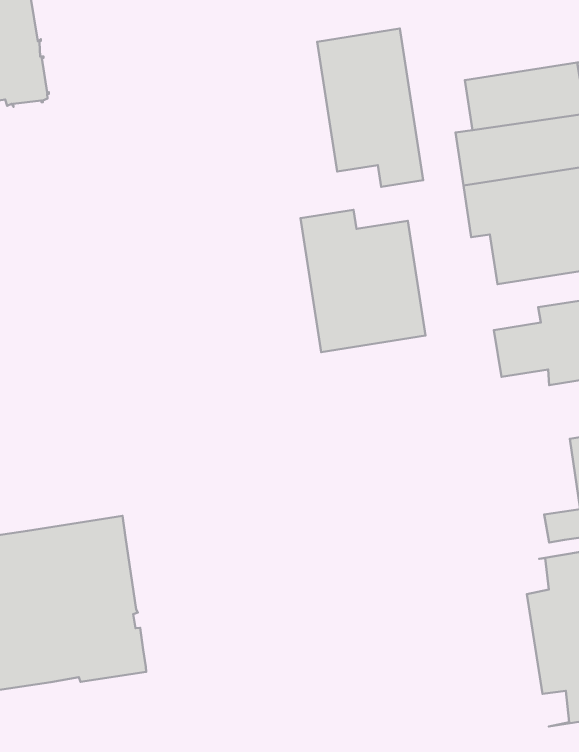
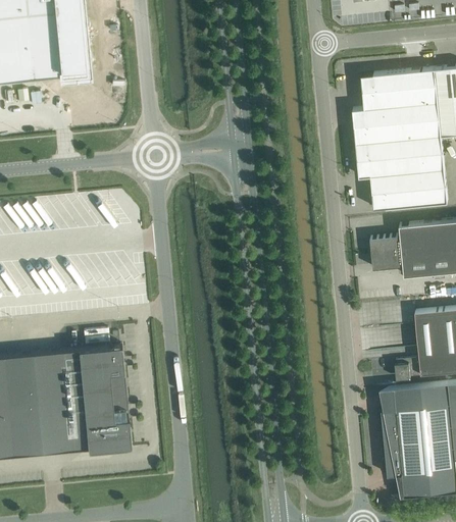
building: [317,29,423,187] -> none
building: [300,210,426,352] -> none

